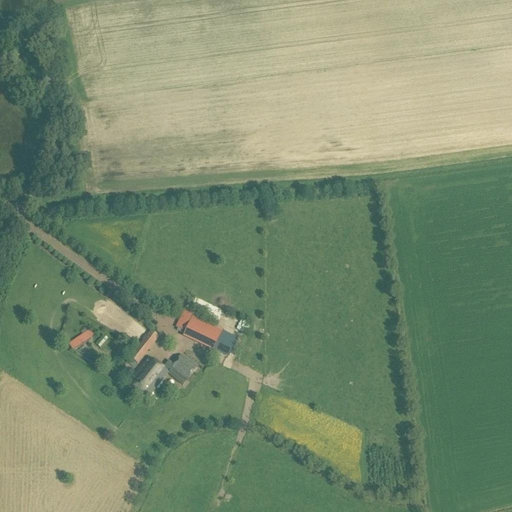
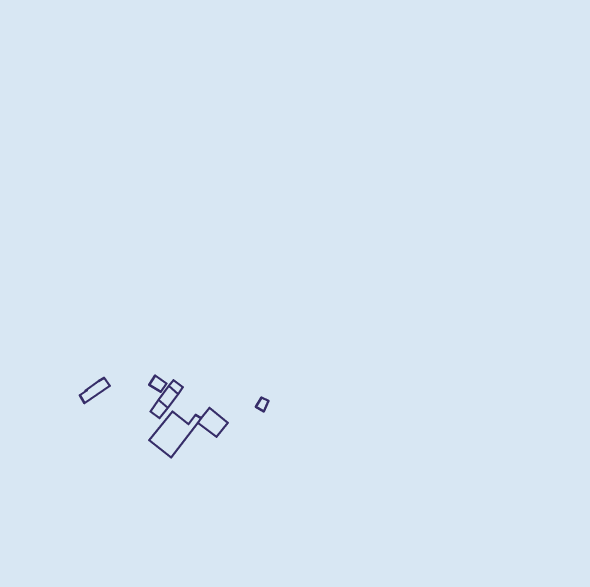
building: [184,315,223,349] -> none

